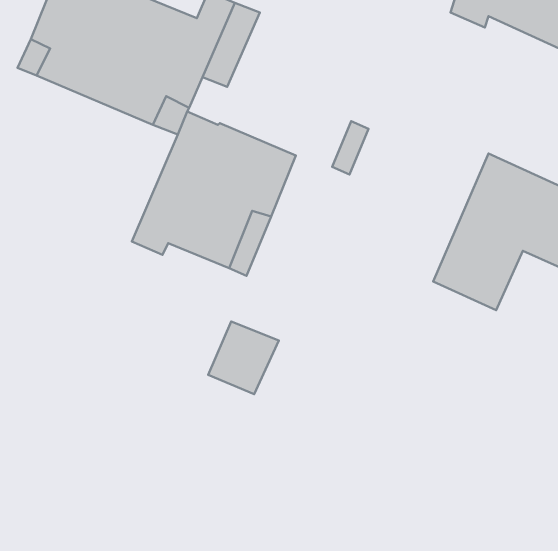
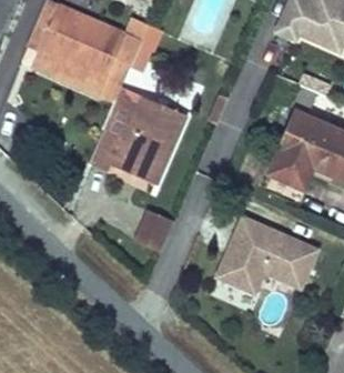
building: none -> [217,220,320,293]

